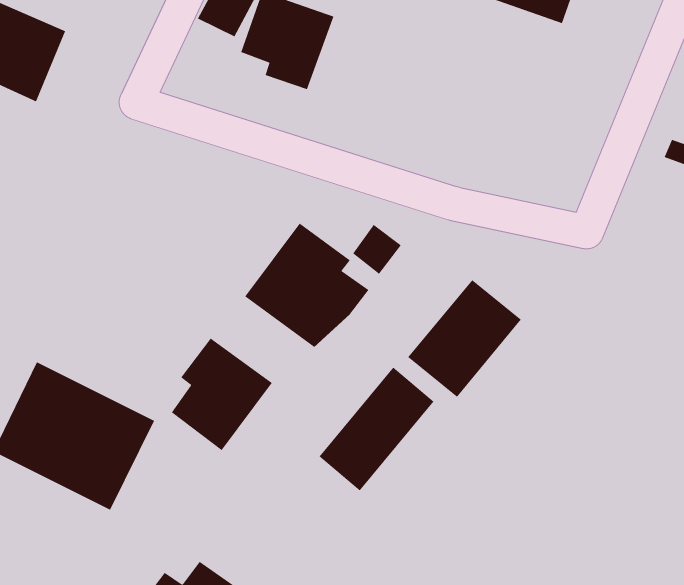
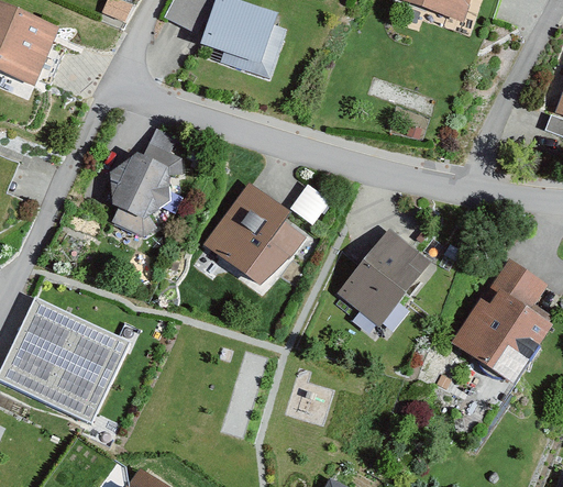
building: none -> [110,130,185,235]
building: none -> [451,259,552,384]
building: [171,337,273,451] -> none
building: [318,366,434,492] -> none

